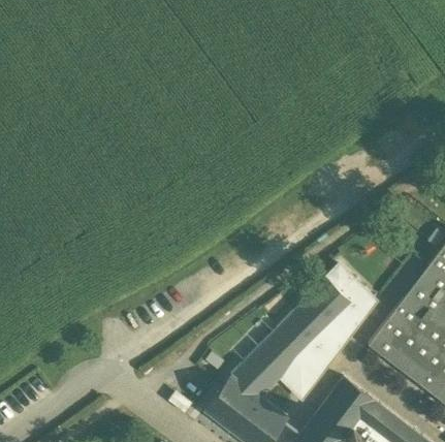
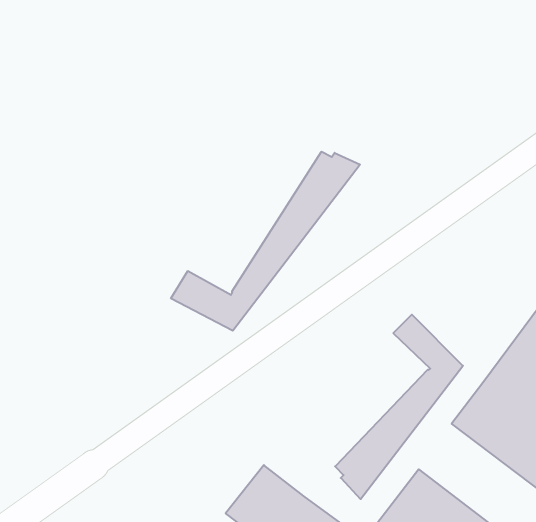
building: none -> [171,152,360,331]
building: [231,279,352,398] -> none

